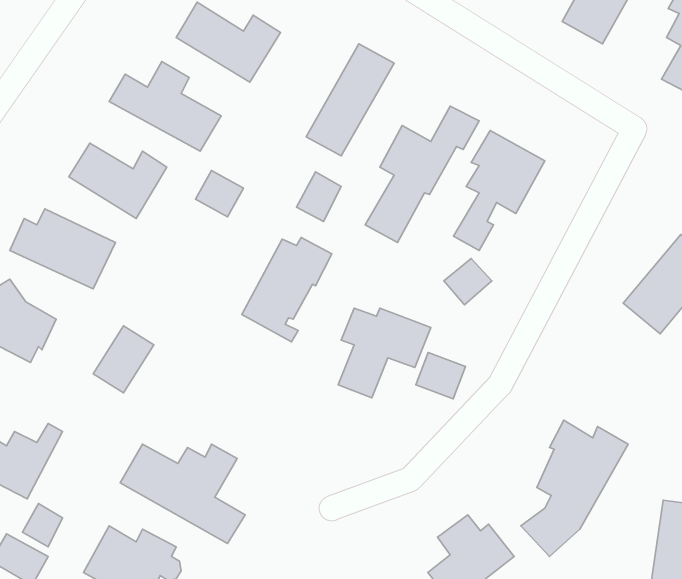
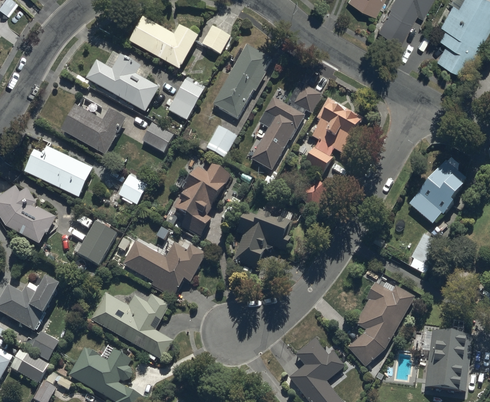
building: none -> [203,30,230,56]
building: none -> [171,82,202,118]
building: none -> [120,178,146,204]
building: [416,353,465,399] -> none
building: none -> [126,243,204,296]

